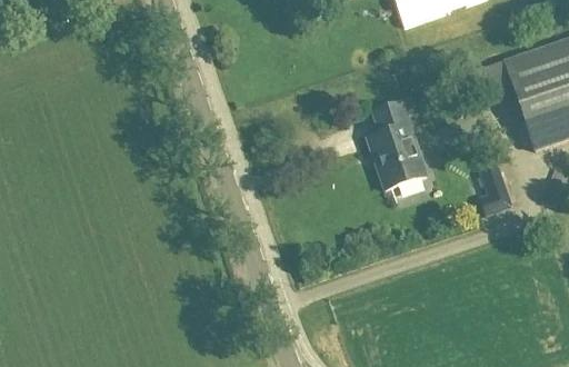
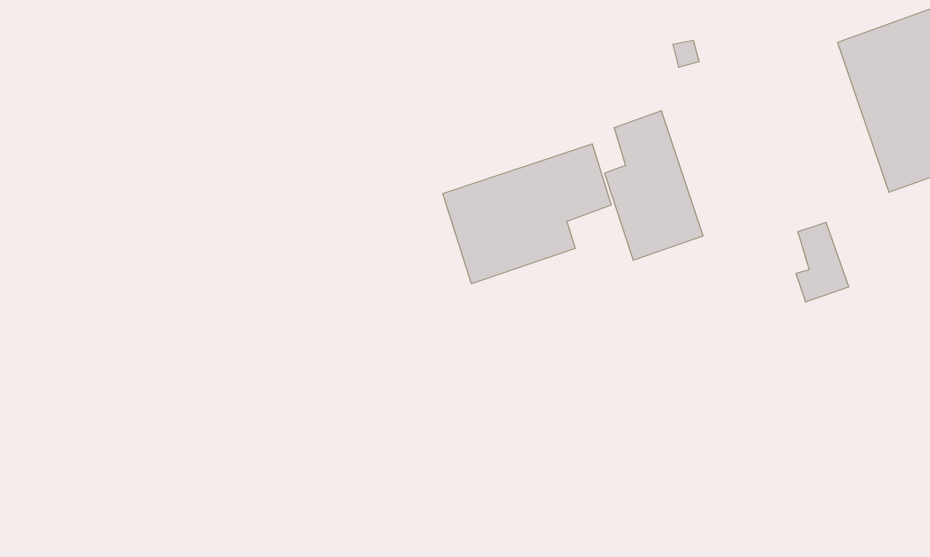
building: none -> [443,144,611,284]

